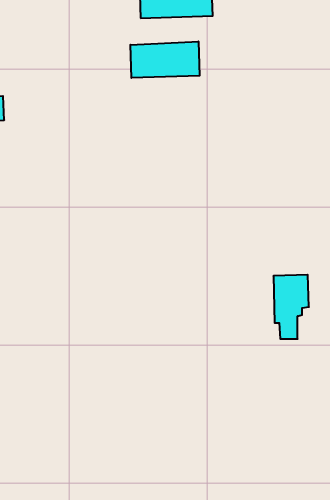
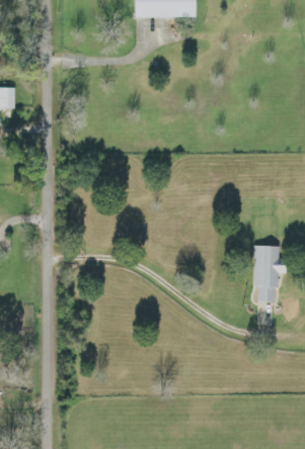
building: [130,41,200,78] -> none

